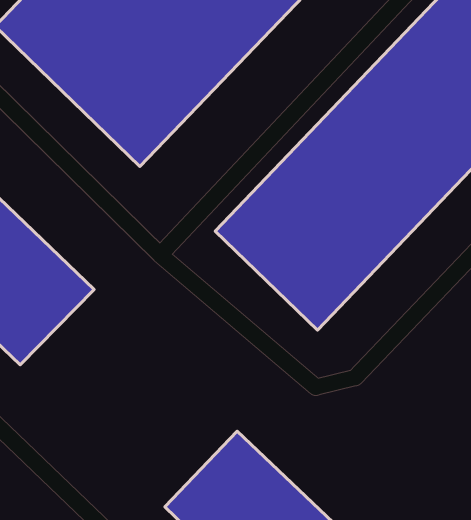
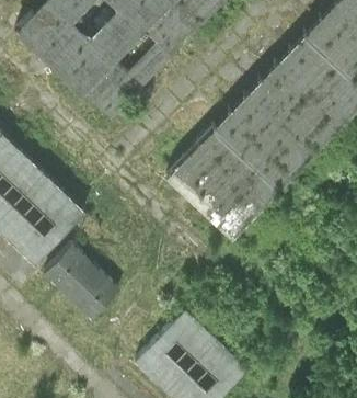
building: none -> [47,247,122,319]

